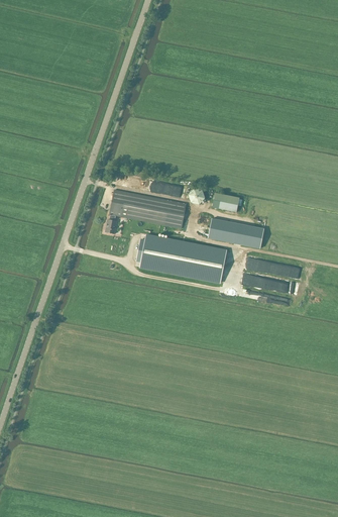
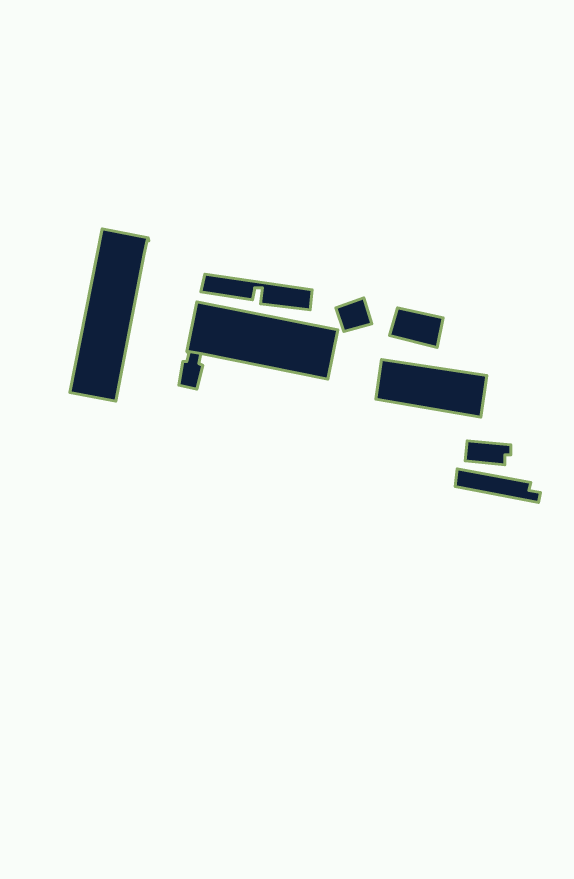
building: none -> [70,229,149,401]
building: [137,234,227,282] -> none

